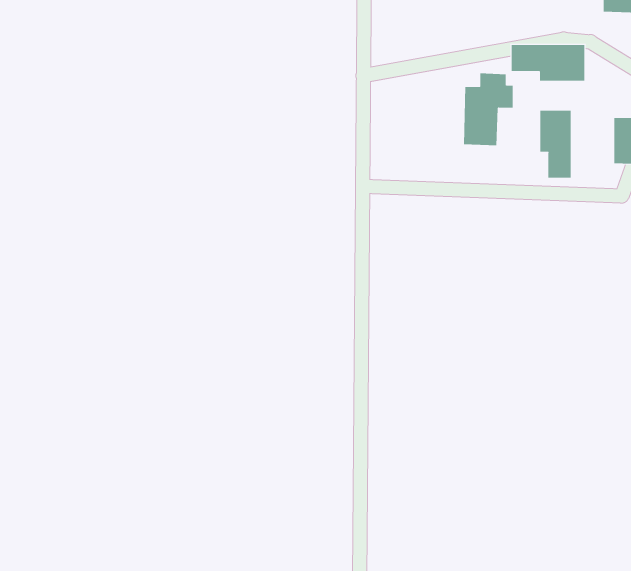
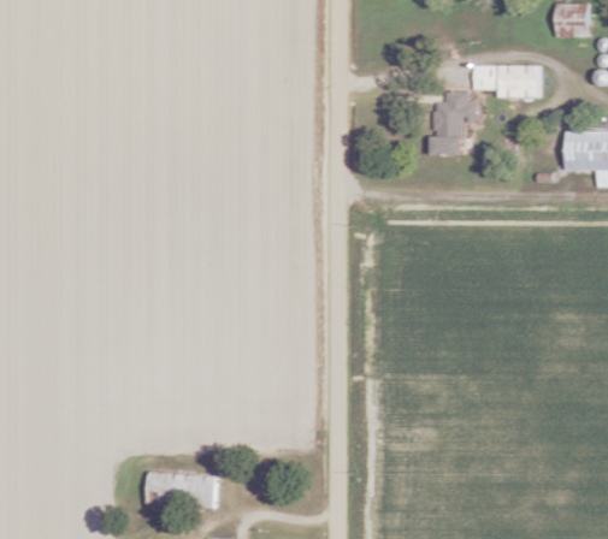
building: [540,110,571,179] -> none
building: none -> [146,473,217,508]

